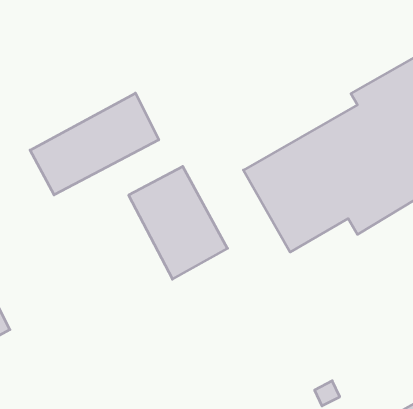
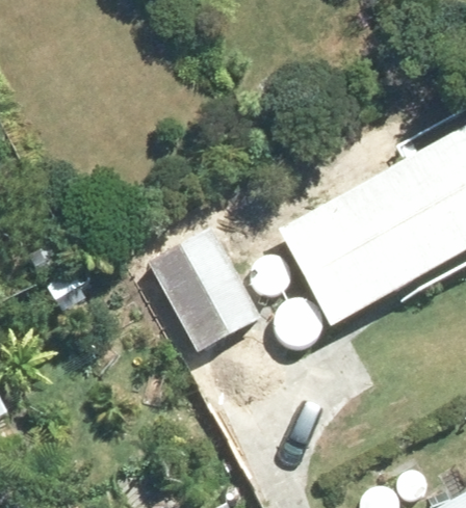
building: [30,93,159,195] -> none

